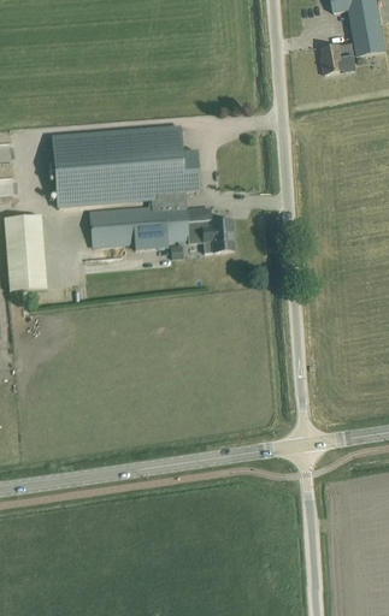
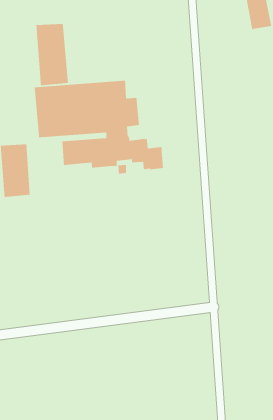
building: [322,42,356,73] -> none
building: none -> [36,23,69,86]

